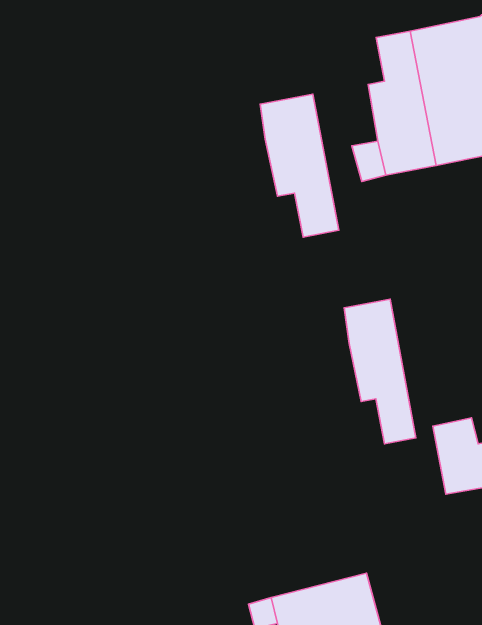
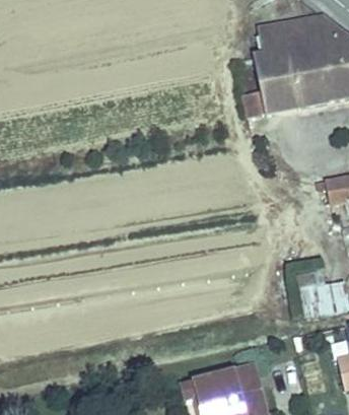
building: [260,94,339,237] -> none
building: [344,299,416,444] -> none

